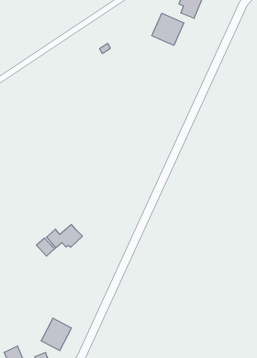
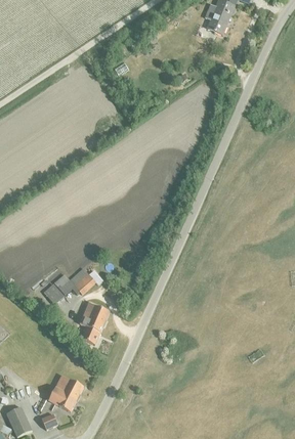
building: [152,13,184,45] -> none
building: none -> [80,302,109,343]

